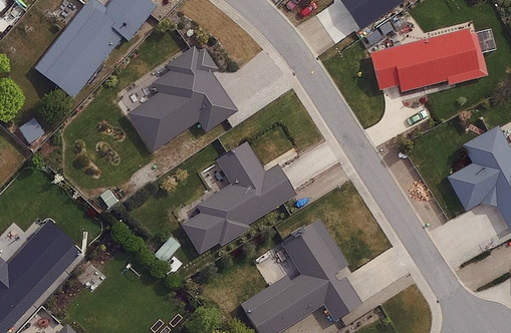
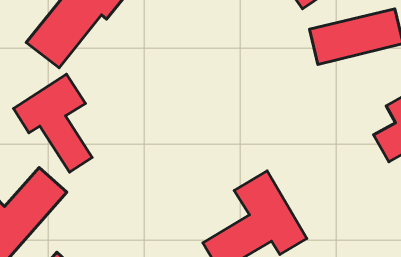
building: [125,46,239,150] -> none
building: none -> [13,74,92,172]
building: [179,141,297,252] -> none

